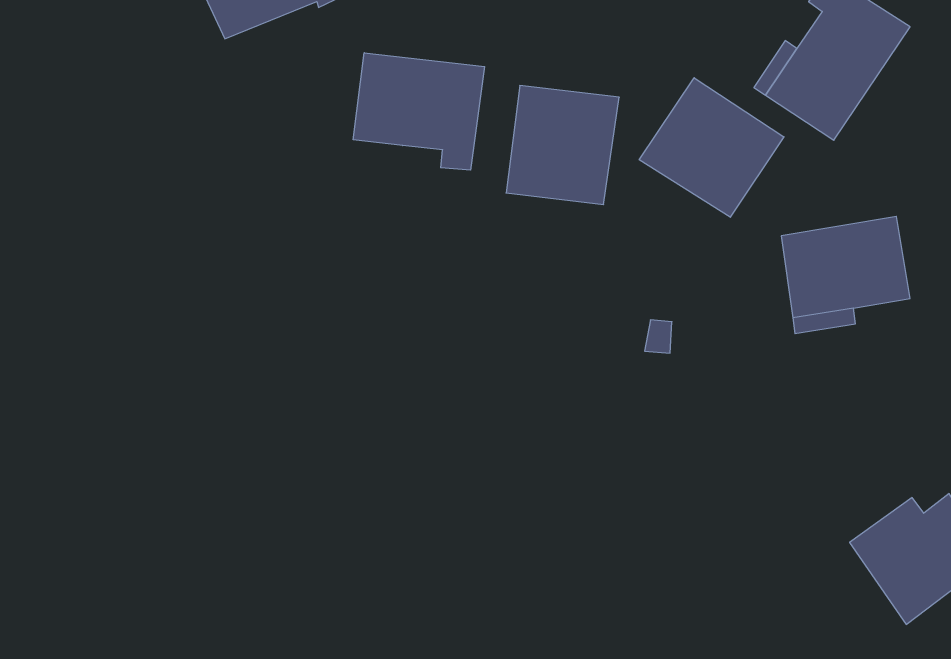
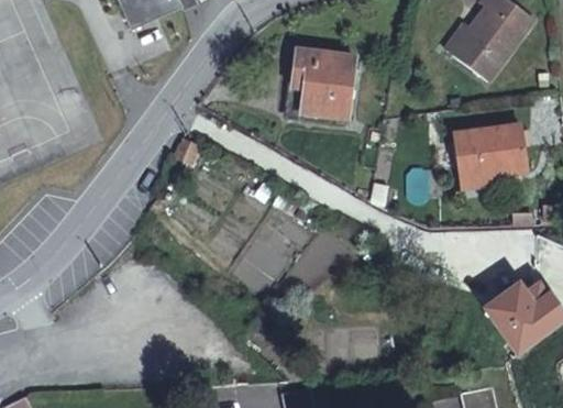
building: [353,53,485,170] -> none
building: [639,78,784,217] -> none

